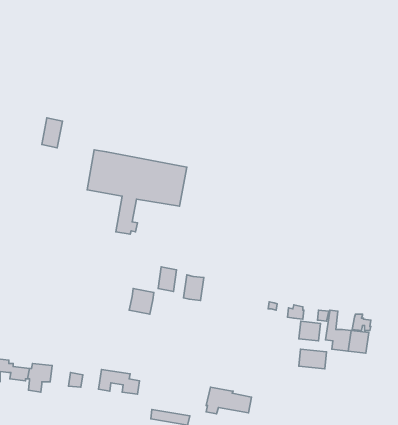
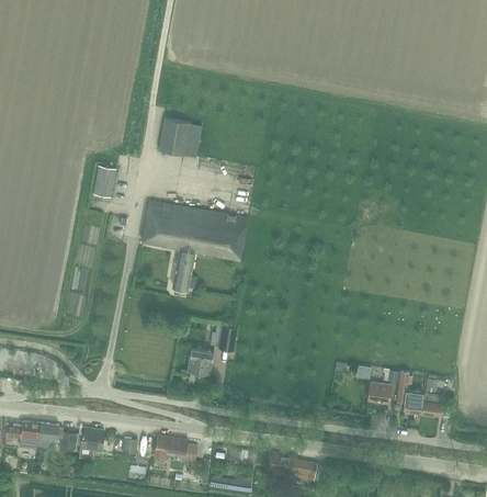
building: none -> [158,117,201,157]
building: [183,275,204,301] -> none
building: [299,349,327,369] -> none

